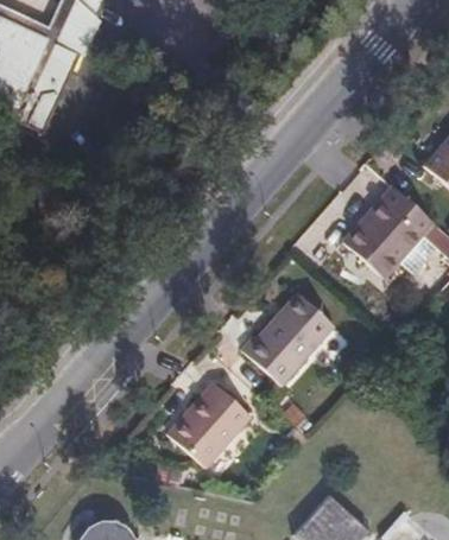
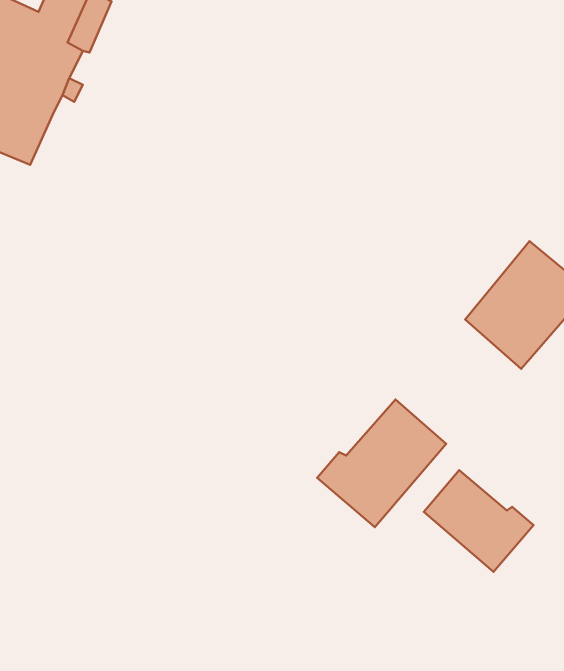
building: none -> [424,470,534,572]
building: [171,381,253,466] -> none

